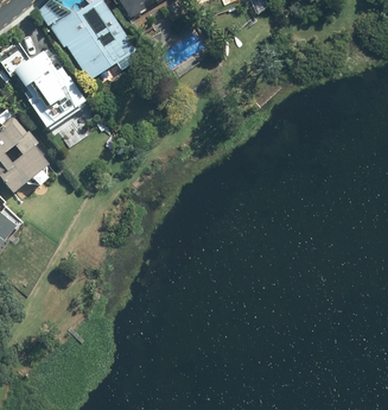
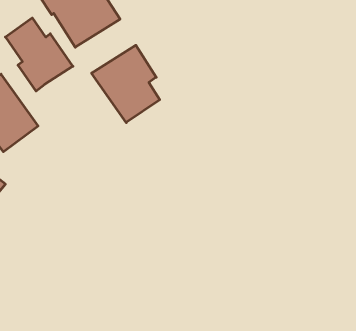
building: none -> [92,45,160,123]

